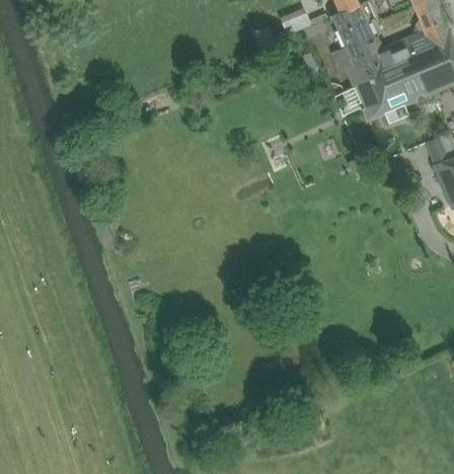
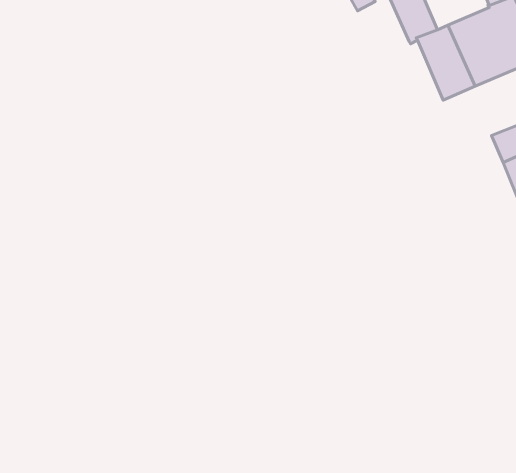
building: [344,61,383,118] -> none

